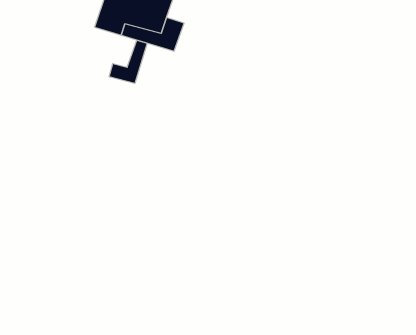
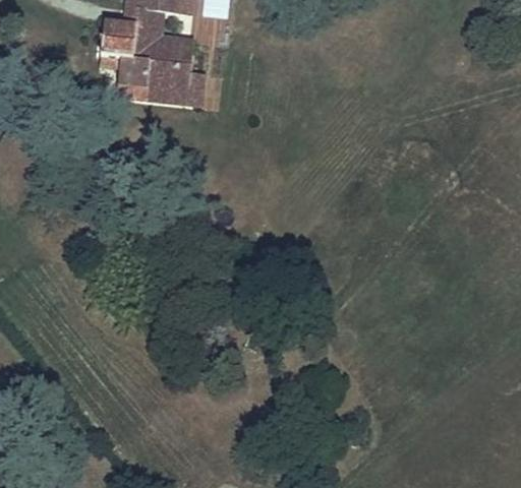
building: [109,40,147,83] -> none

